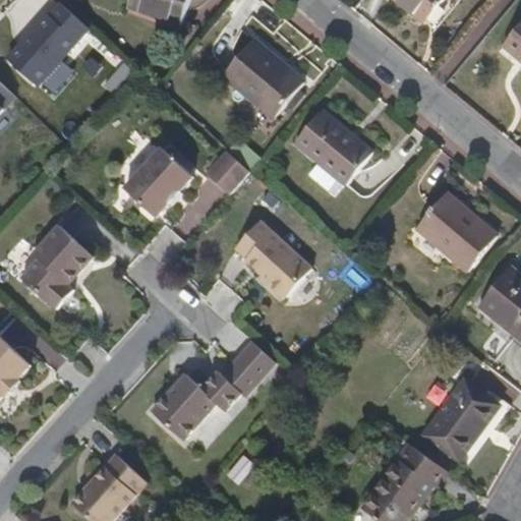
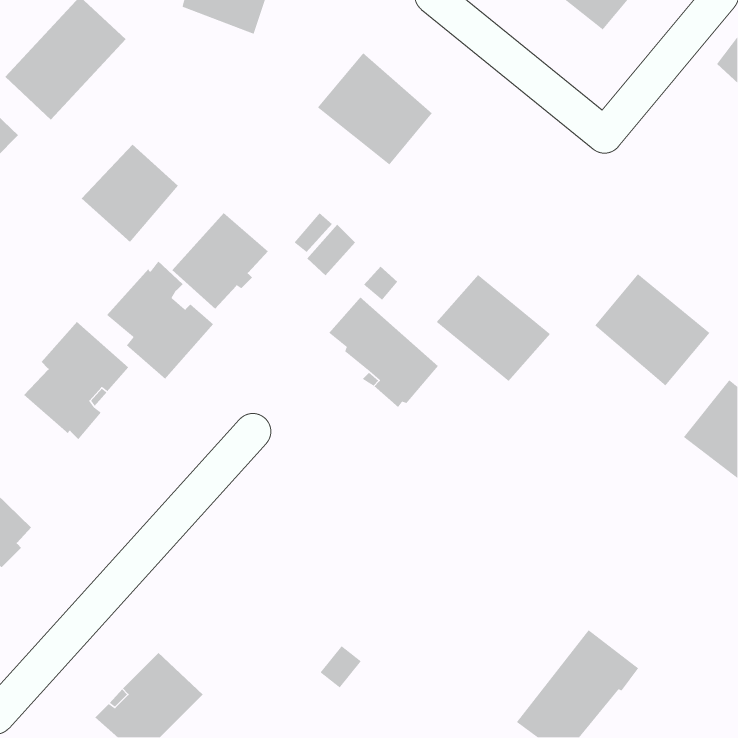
building: none -> [81,144,179,243]
building: [293,108,373,183] -> [436,274,551,382]
building: none -> [106,261,214,380]
building: [153,341,277,441] -> none
building: [422,380,499,460] -> none

